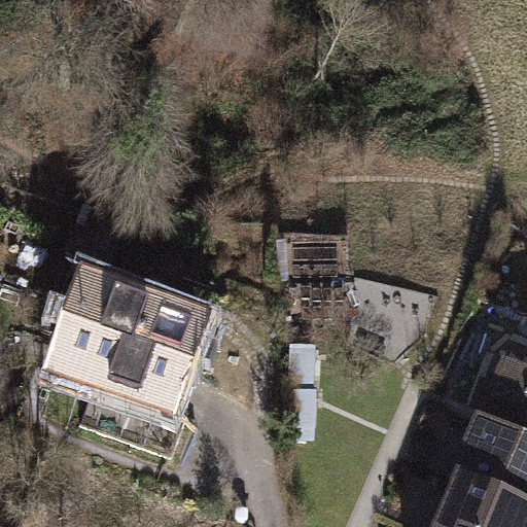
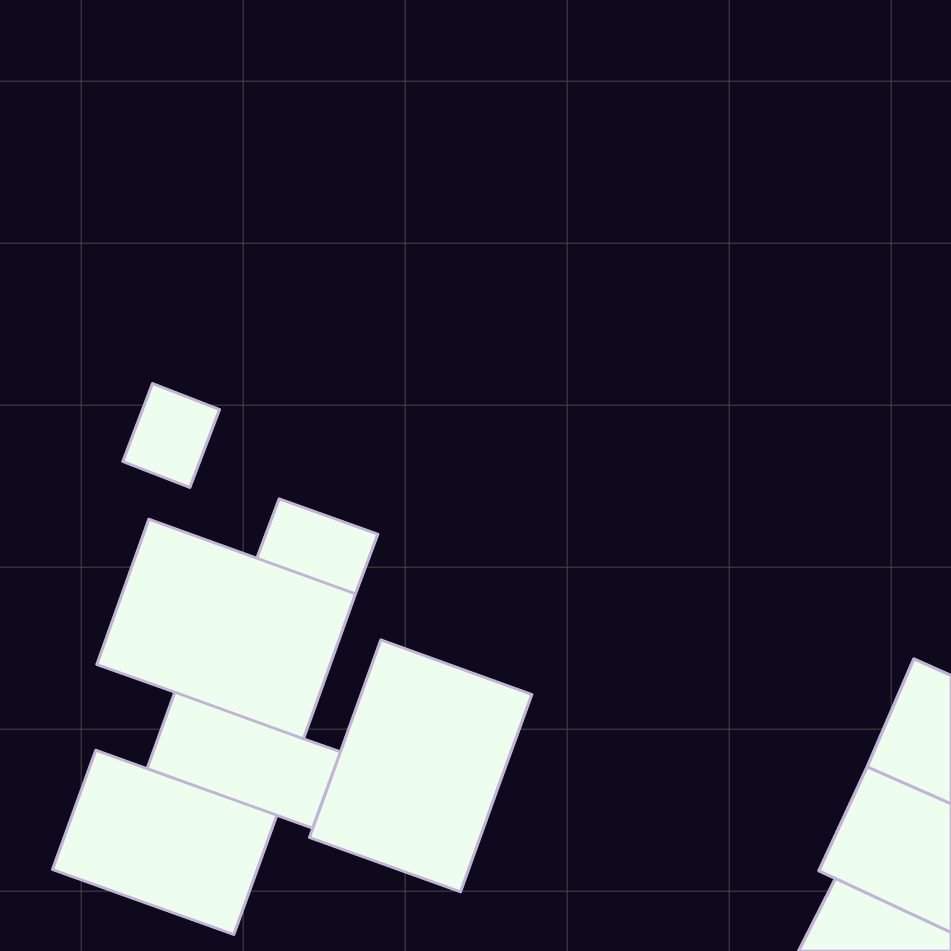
building: none -> [310,640,532,892]
building: none -> [53,750,277,935]

